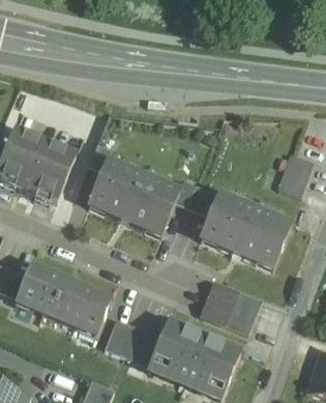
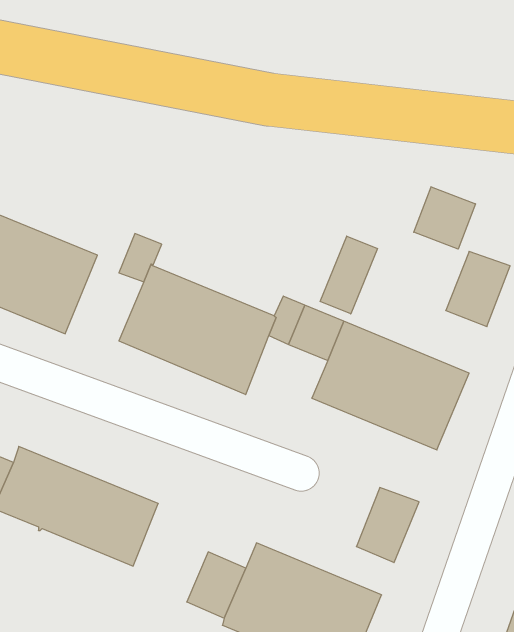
building: none -> [414,187,475,249]
building: none -> [320,236,377,314]
building: [201,280,239,323] -> none
building: [105,317,140,355] -> none

